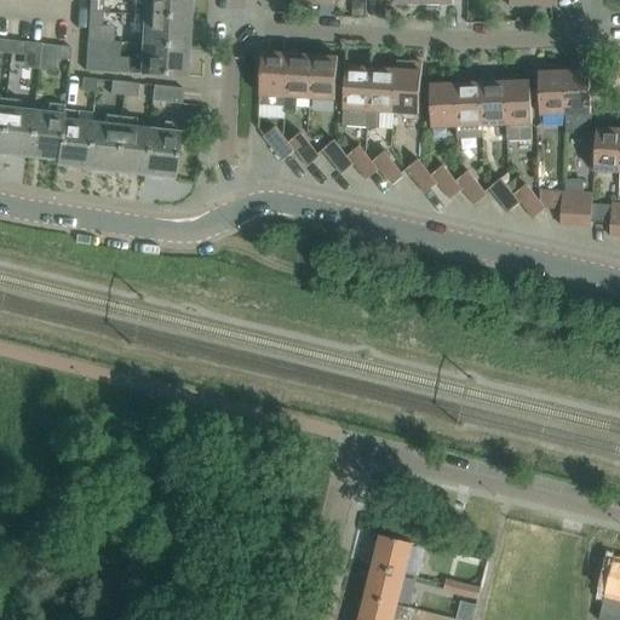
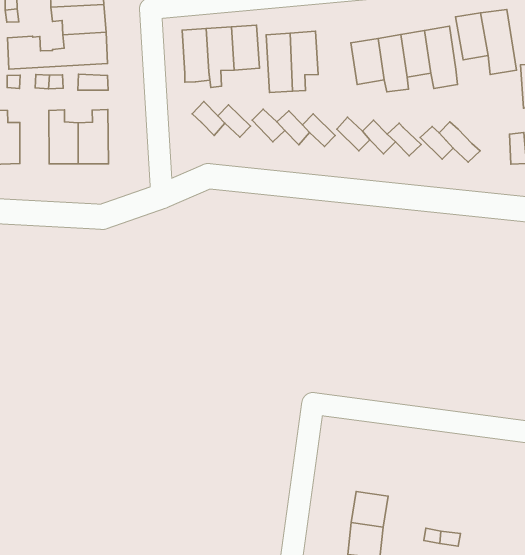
building: [392,62,420,114] -> none
building: [84,114,119,170] -> none
building: [538,193,576,225] -> none

